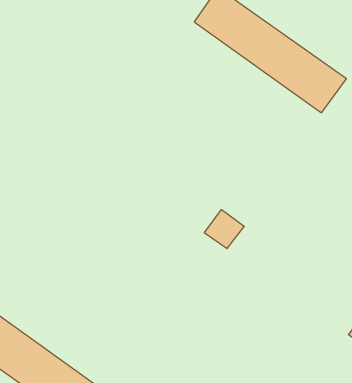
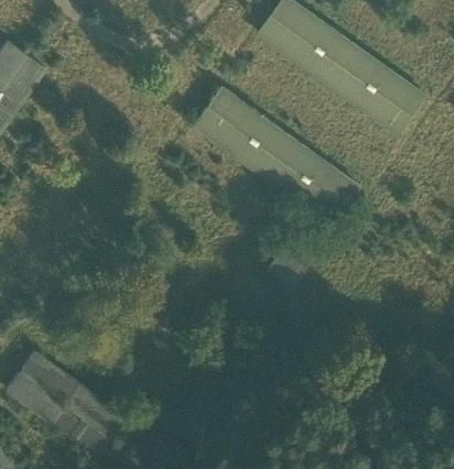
building: none -> [186,84,354,221]

